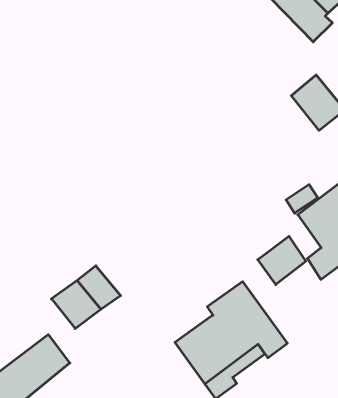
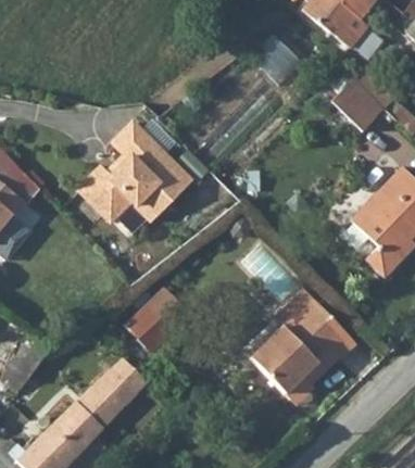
building: none -> [253,29,304,79]
building: none -> [76,119,190,219]
building: [258,236,306,285] -> none

